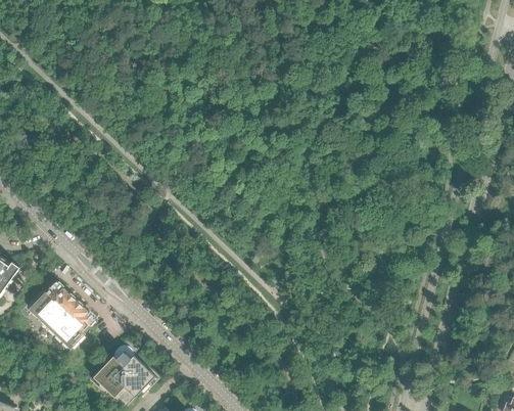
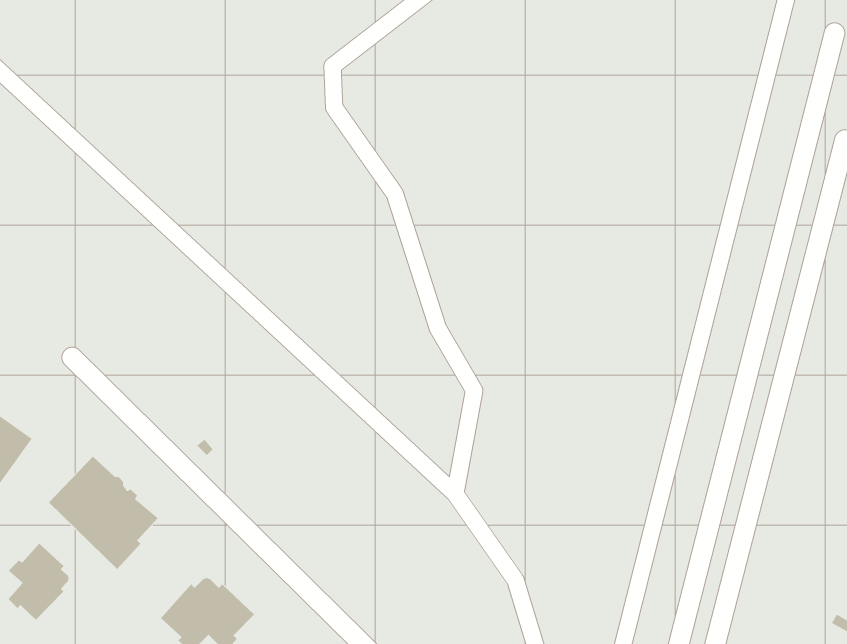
building: none -> [8,543,70,621]

